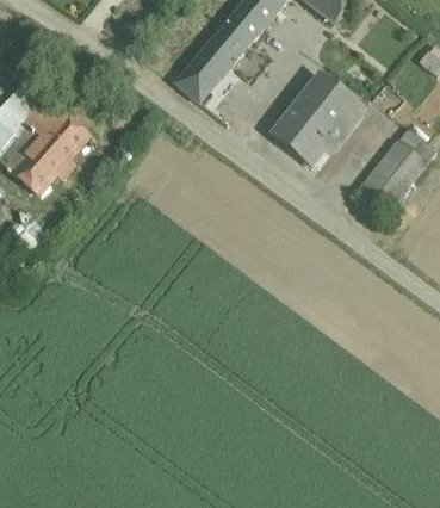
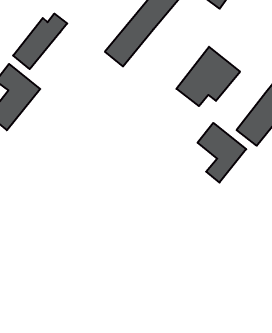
building: none -> [13,14,67,69]
building: none -> [198,123,246,183]

